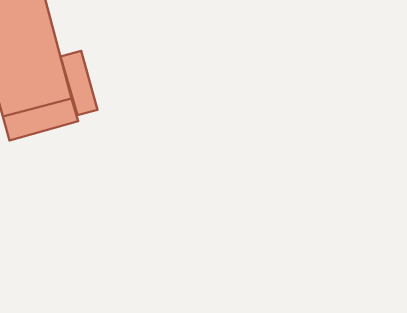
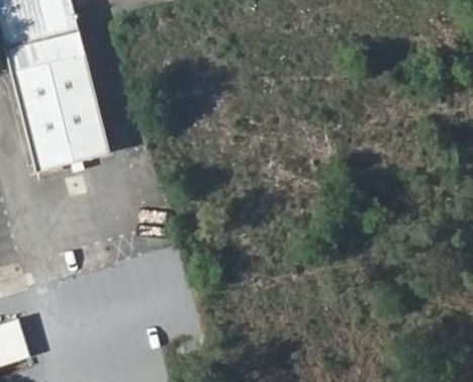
building: [61,51,97,115] -> none

